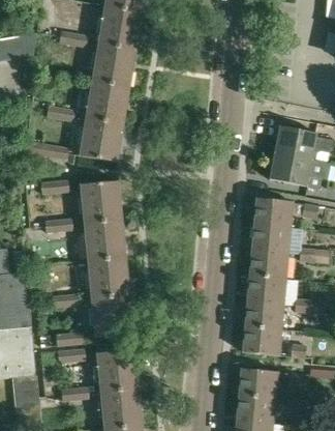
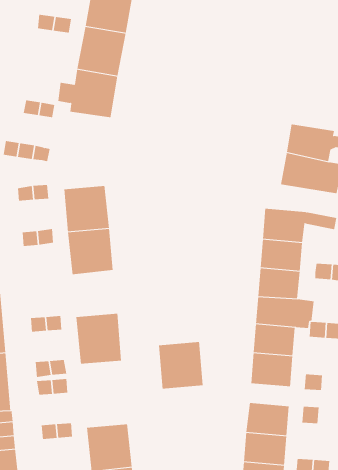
building: [80,116,122,162] -> none
building: [88,254,128,294] -> none
building: [97,349,136,391] -> [158,341,204,389]

